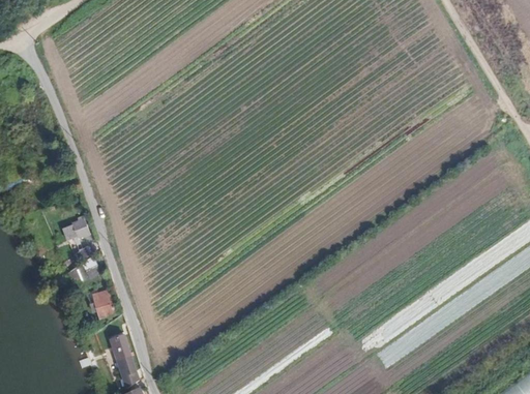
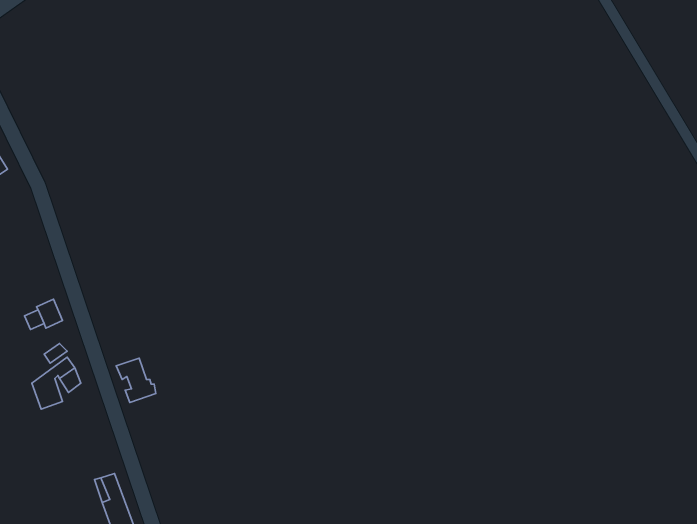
building: [90,290,117,320] -> [116,358,156,403]

